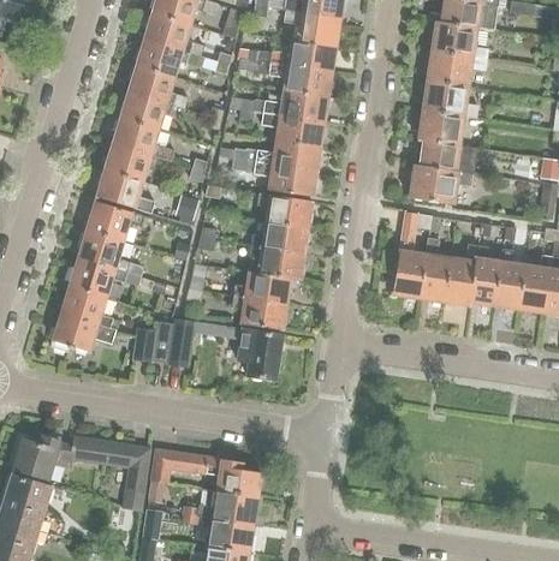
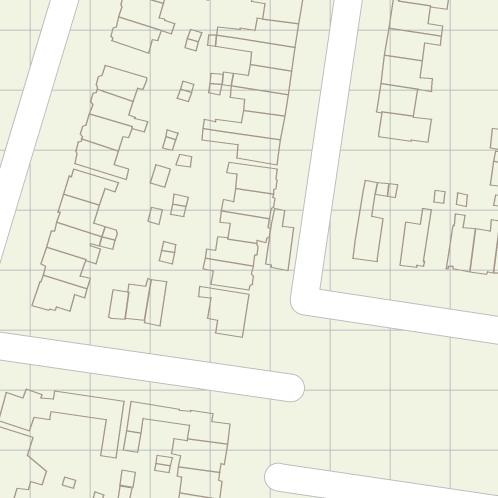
building: [129,64,188,109] -> none
building: [410,163,474,204] -> none
building: [420,237,450,303] -> [266,209,294,271]
building: [469,244,500,306] -> none

